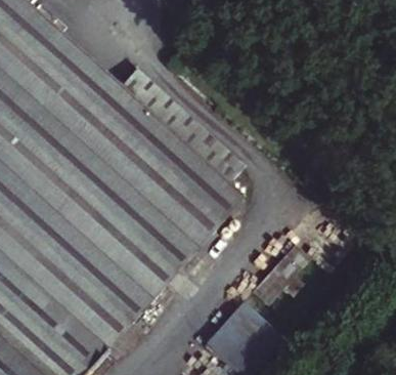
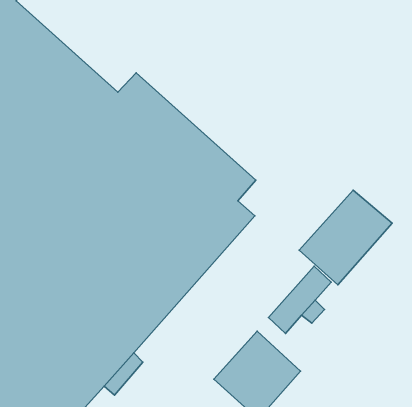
building: none -> [299,190,392,285]

